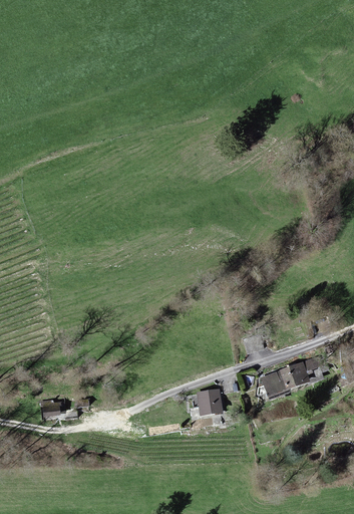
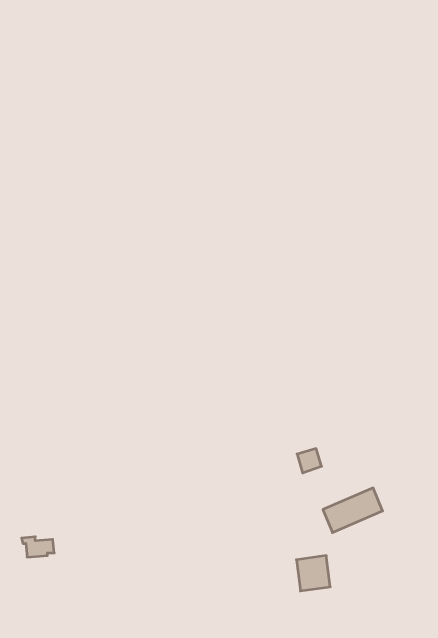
building: [196,389,221,415] -> [296,556,330,591]

